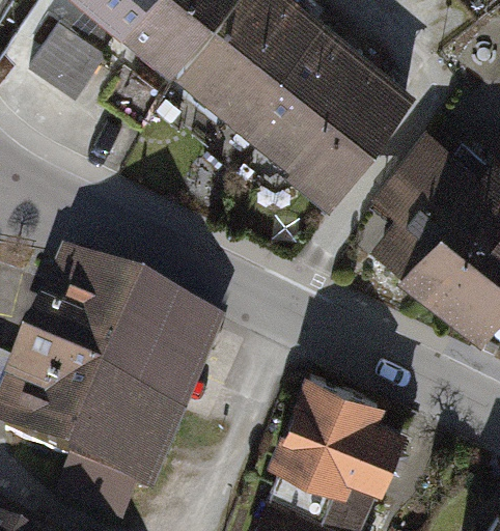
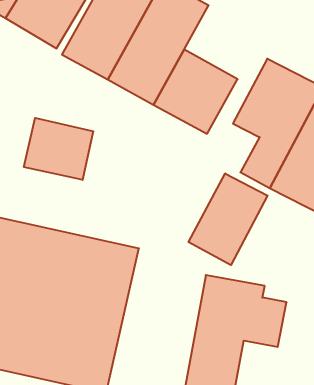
building: [323,54,419,148] -> none
building: none -> [24,118,93,180]
building: none -> [188,173,268,265]

